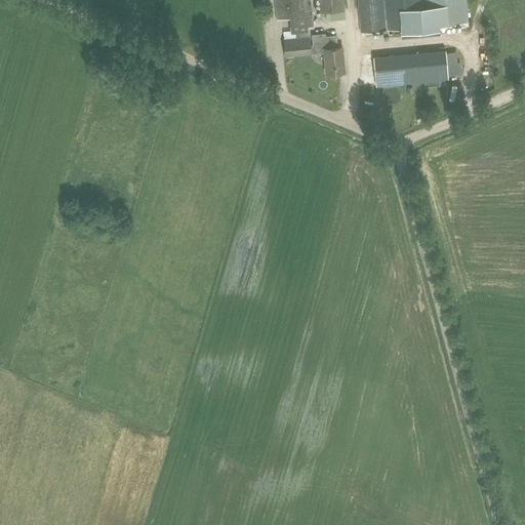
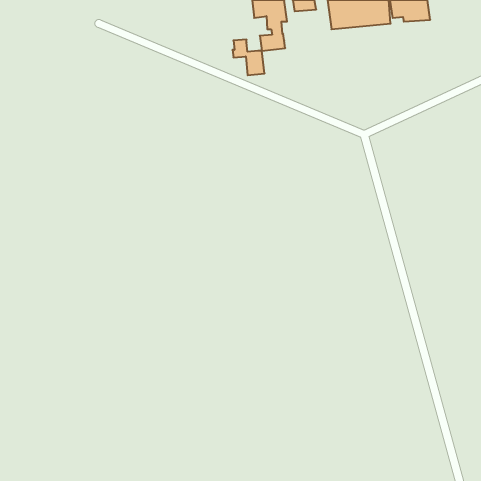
building: [310,33,345,72] -> [232,40,265,75]
building: [373,49,448,85] -> none

